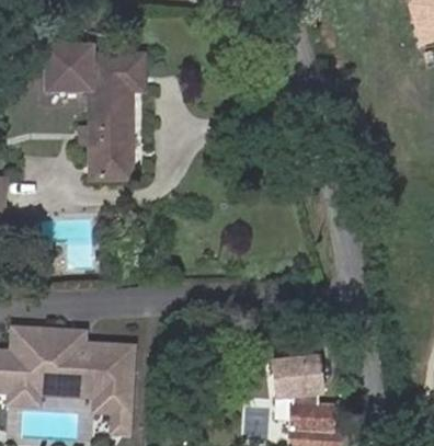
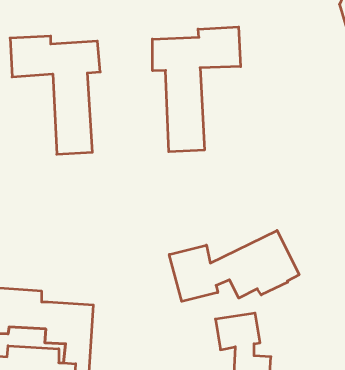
building: none -> [152,27,241,152]
building: none -> [169,230,299,301]

